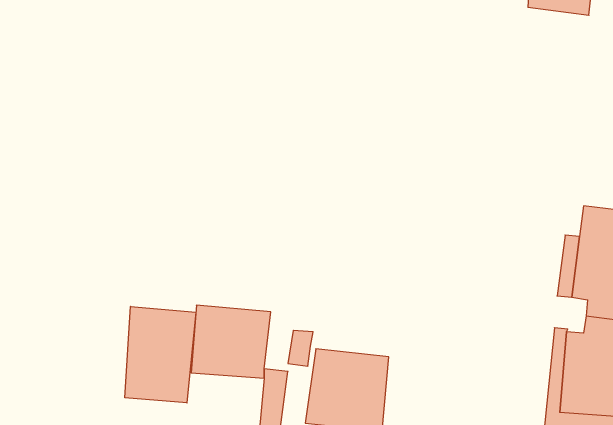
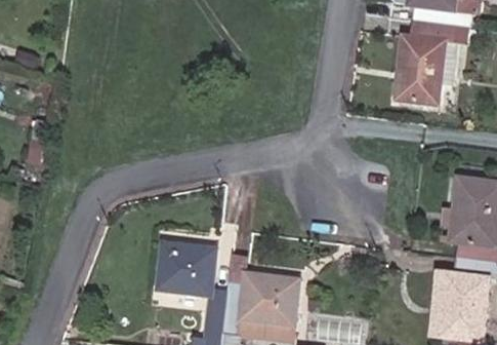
building: none -> [399,23,471,106]
building: [125,306,196,403] -> none

